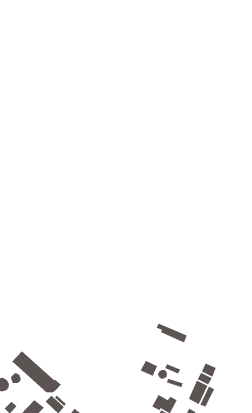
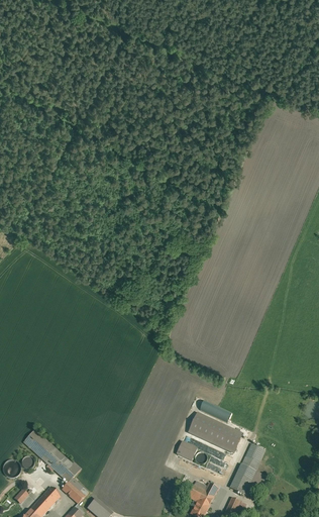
building: none -> [186,412,242,452]

